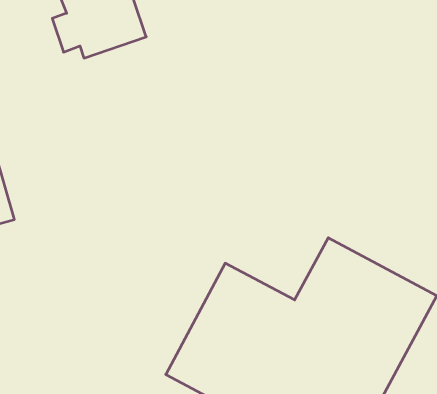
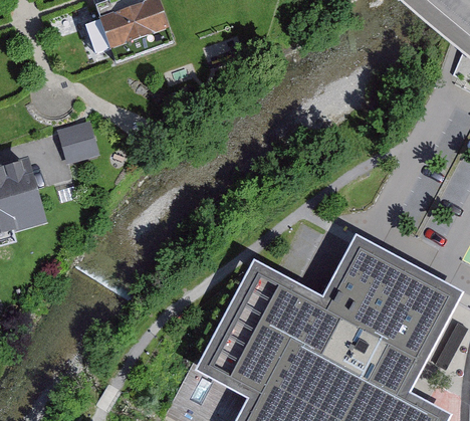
building: none -> [58,127,100,166]

